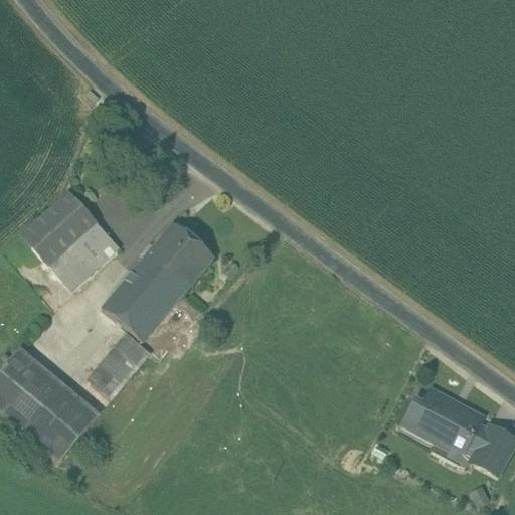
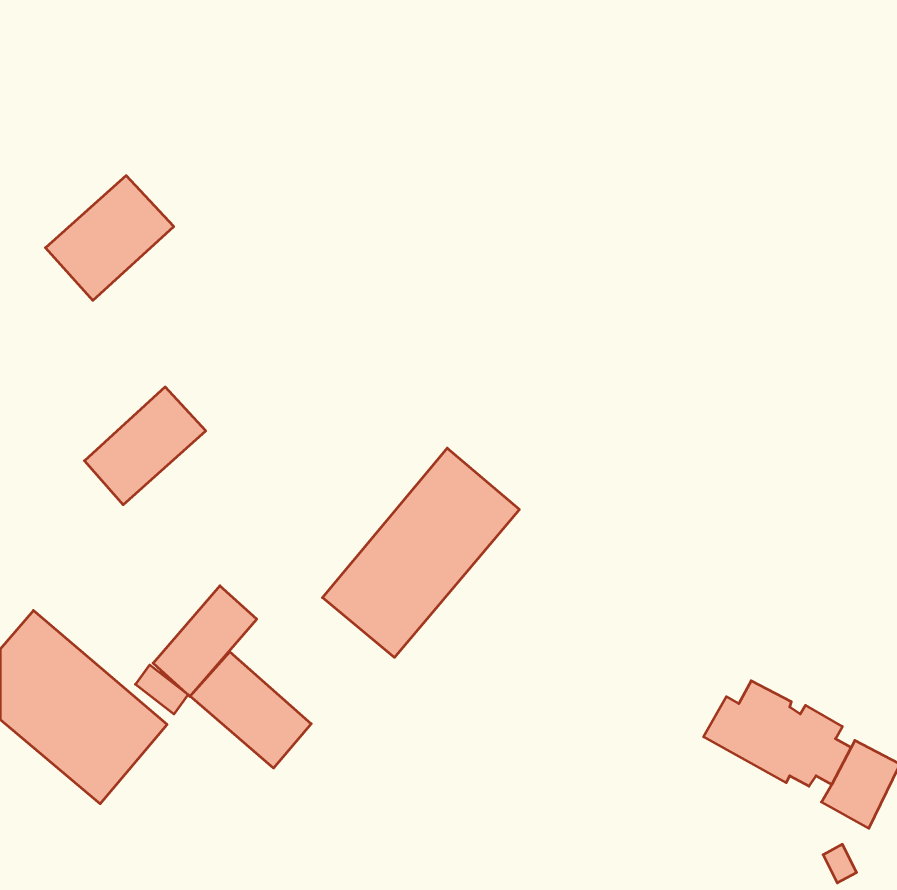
building: [22,192,96,264] -> [45,176,174,300]
building: [102,221,214,341] -> [322,448,519,657]
building: none -> [190,652,311,768]

